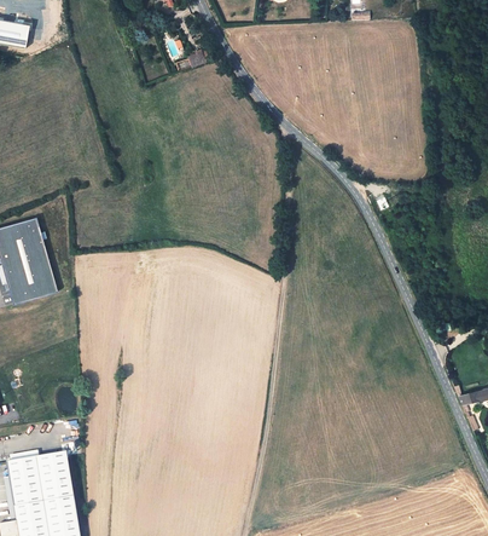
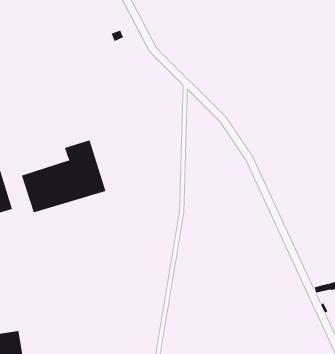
building: none -> [21,139,106,213]

